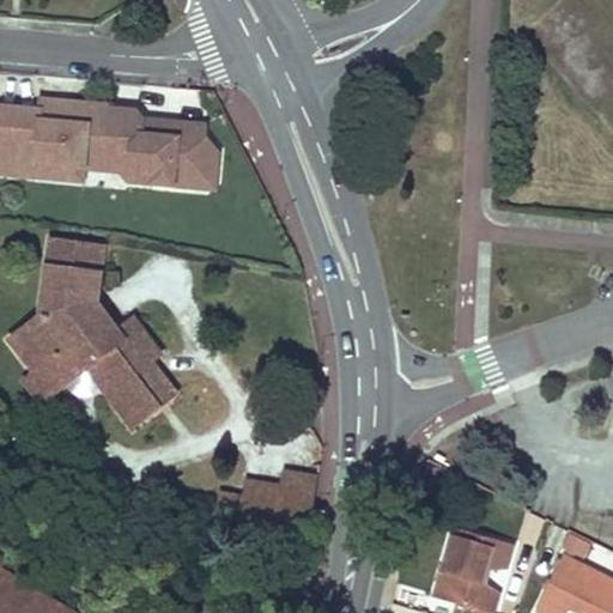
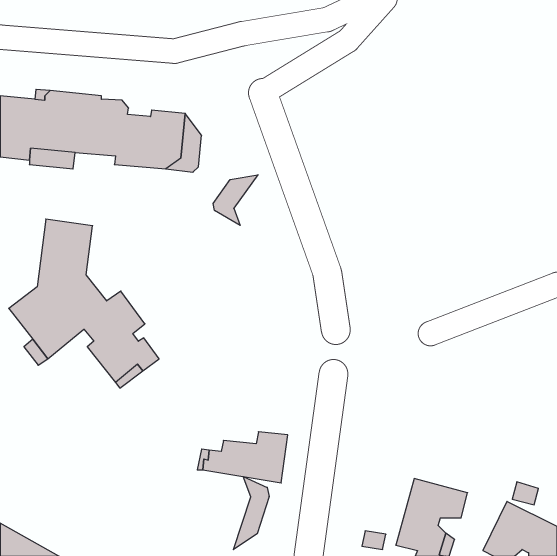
building: none -> [213,175,258,225]
building: none -> [233,477,269,550]

